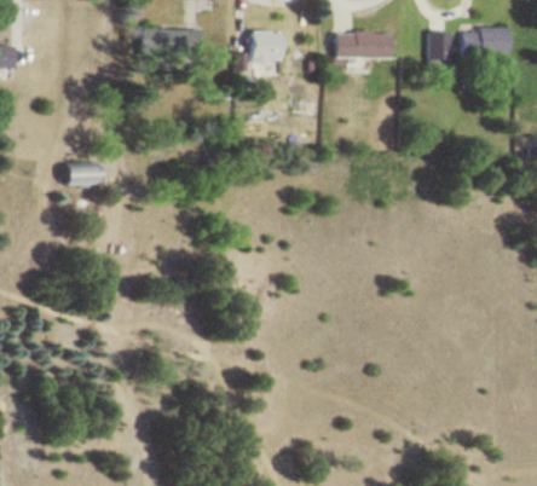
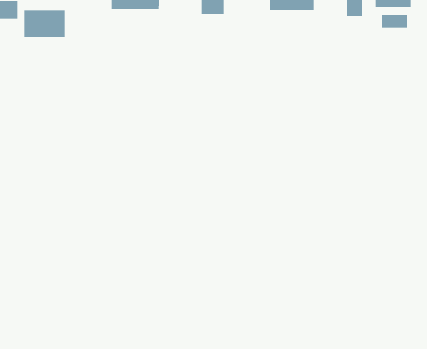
building: none -> [24,10,65,38]
building: none -> [381,14,407,29]
building: [65,164,99,185] -> none

